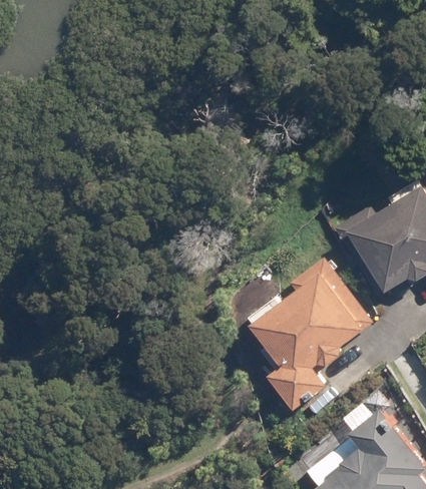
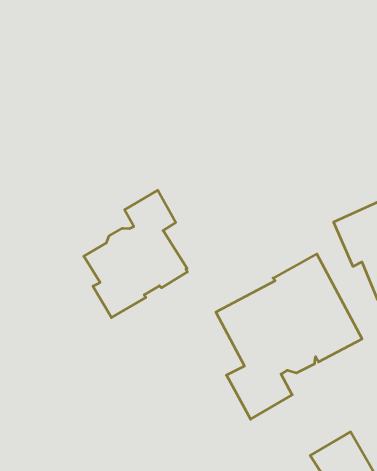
building: none -> [84,190,187,318]

